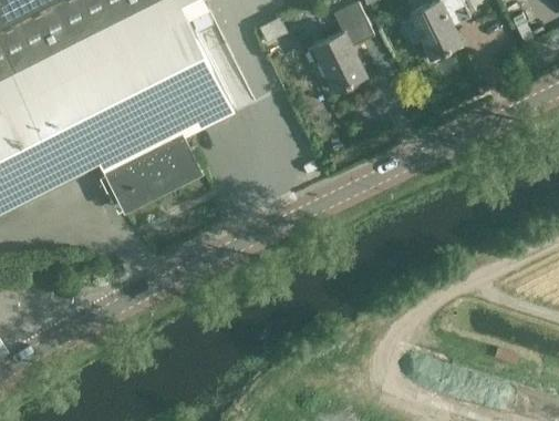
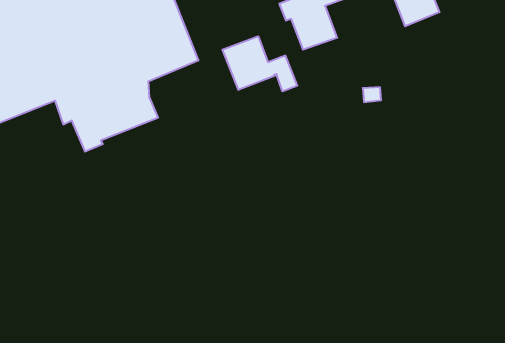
building: none -> [222,36,297,91]

